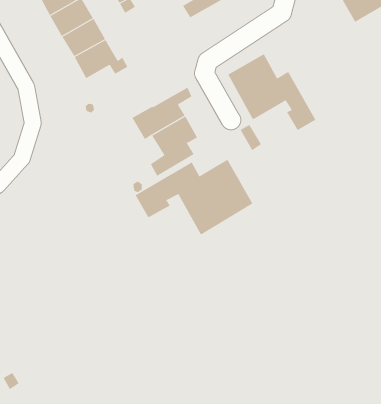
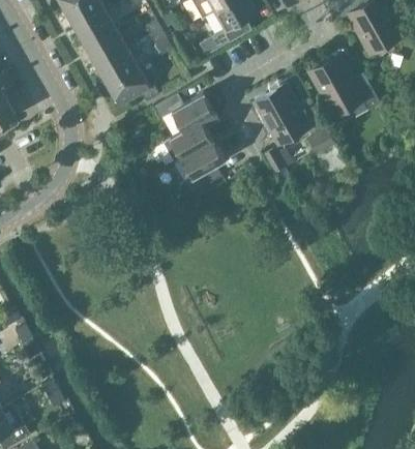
building: none -> [309,57,380,116]
building: none -> [151,94,214,132]
building: [135,159,253,235] -> none

